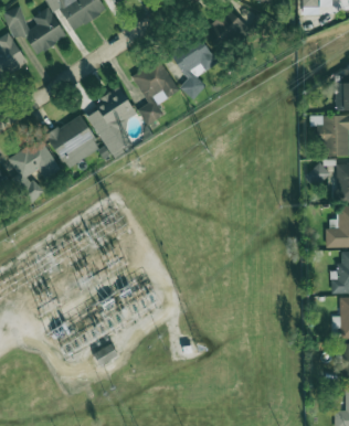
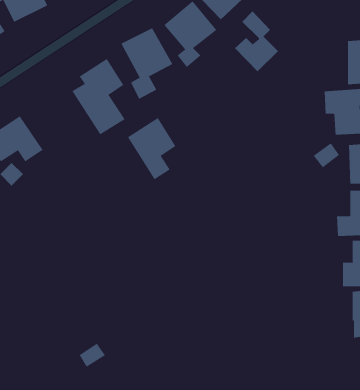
building: none -> [234,10,279,72]
building: [46,114,101,169] -> none
building: none -> [127,117,176,180]

